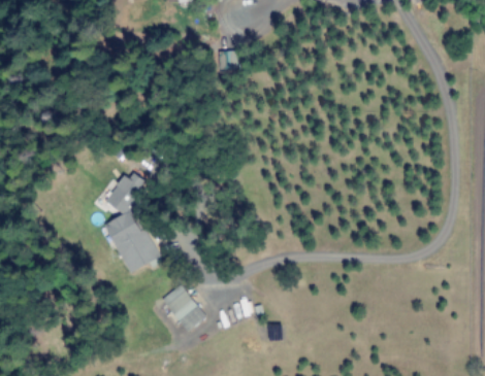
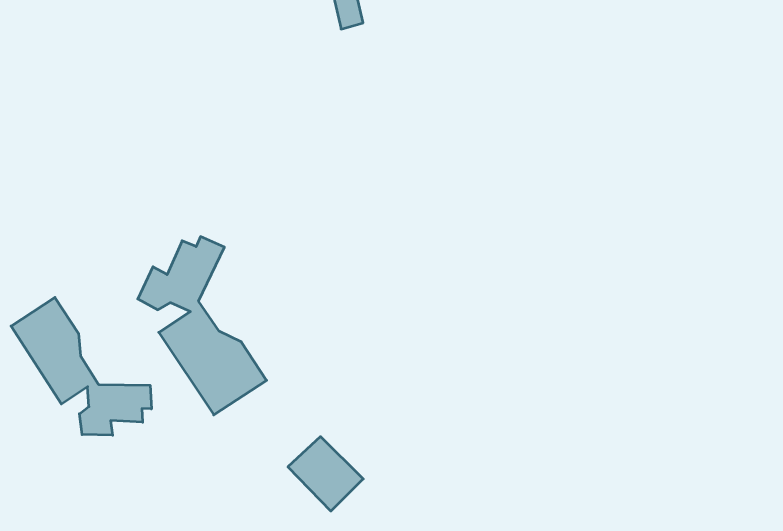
building: none -> [11,297,151,435]

